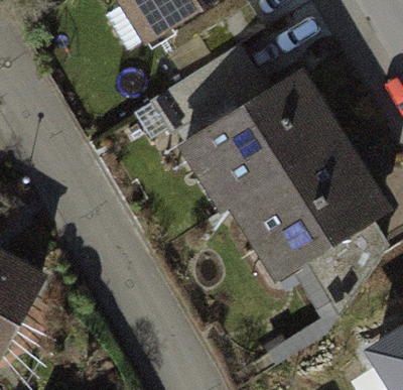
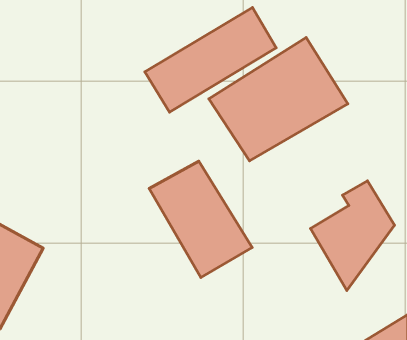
building: [235,137,377,262] -> none
building: none -> [149,161,252,278]

